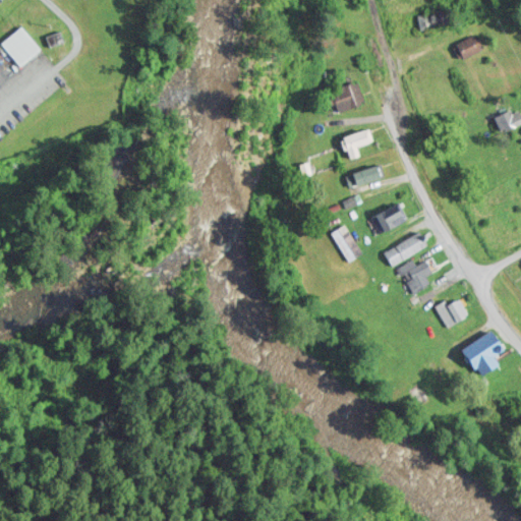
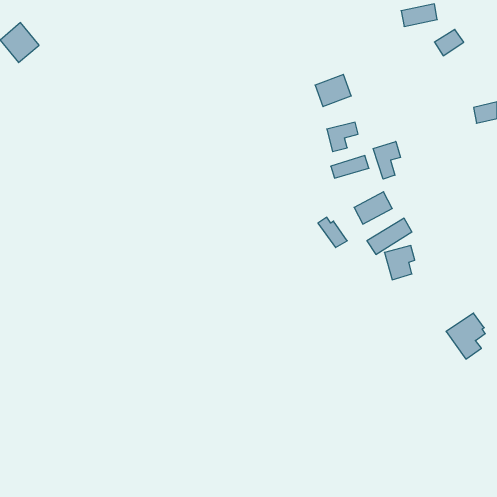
building: none -> [373,141,401,179]
building: [435,297,467,328] -> none

